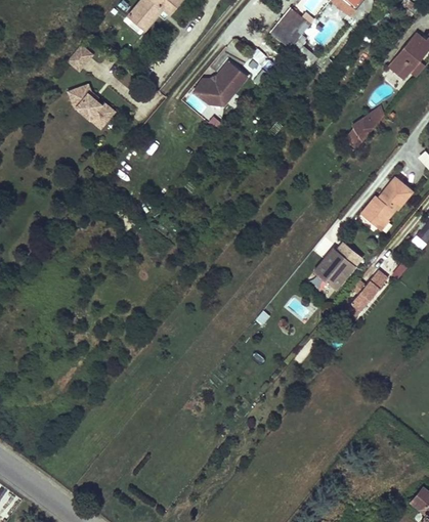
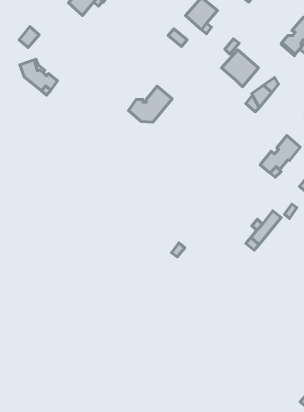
building: [194,61,247,105] -> [129,86,172,122]
building: none -> [222,50,259,87]
building: [314,250,355,289] -> none

